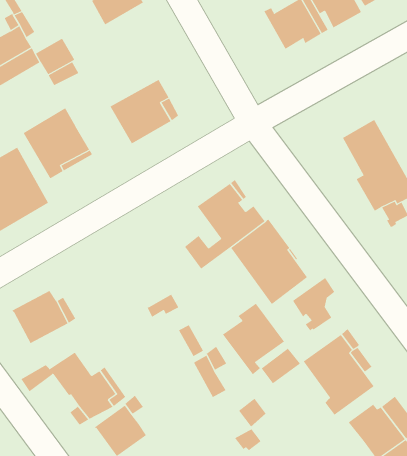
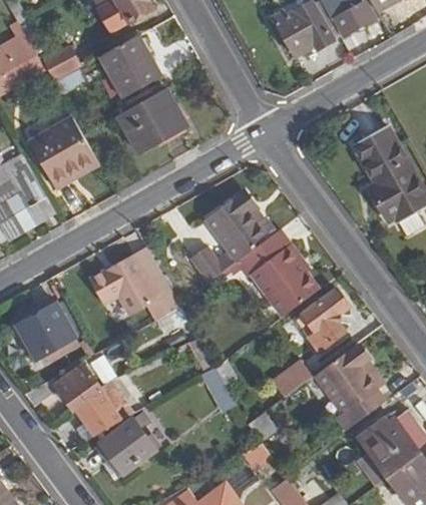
building: none -> [98,35,161,99]
building: none -> [88,246,170,324]
building: [222,303,285,375] -> none

